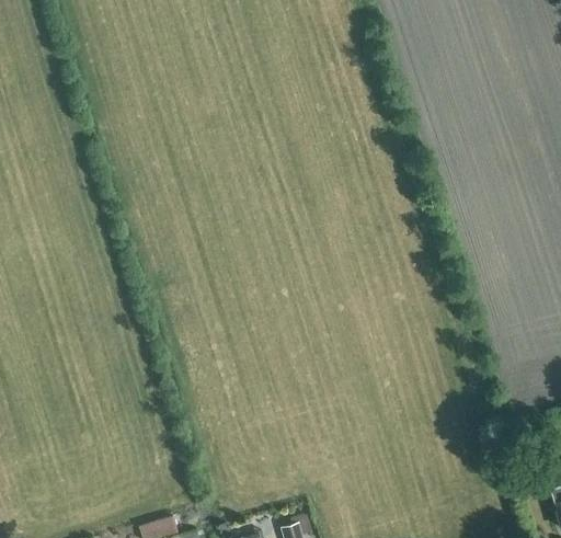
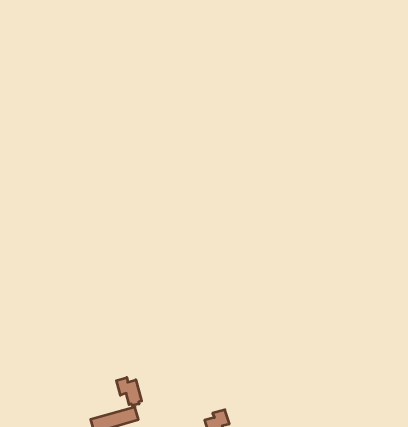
building: none -> [116,377,142,406]

